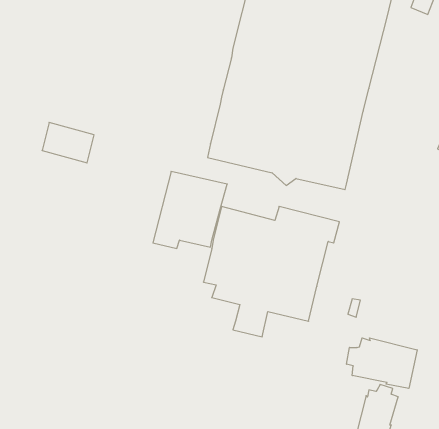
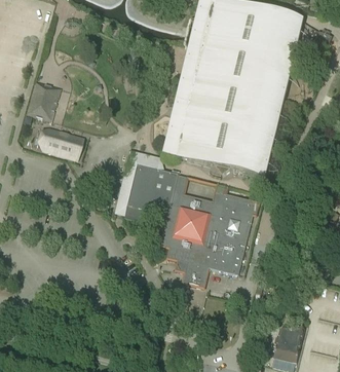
building: none -> [27,79,62,119]
building: [347,338,417,388] -> none

